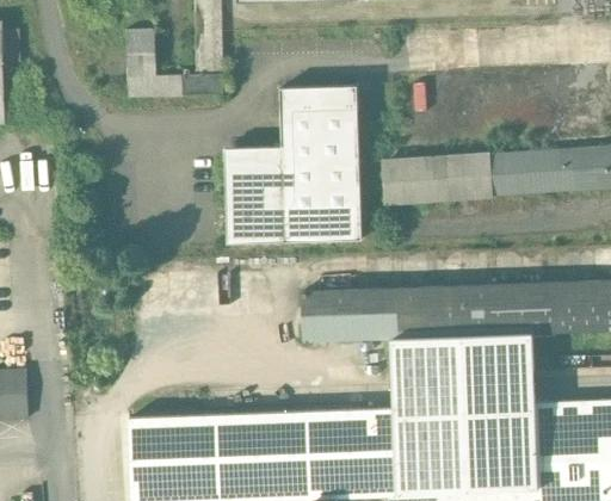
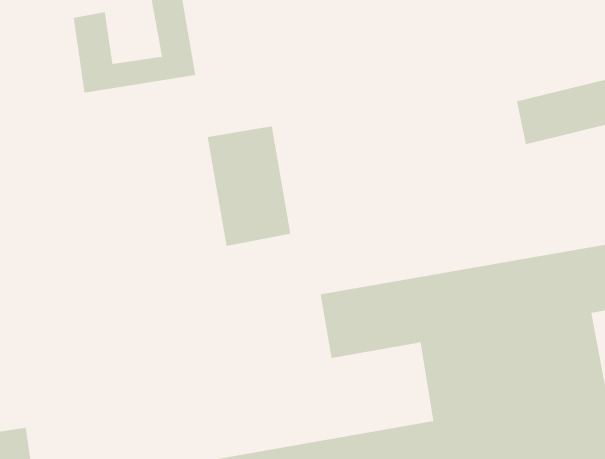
building: [280,82,363,237] -> none
building: [387,153,495,199] -> none

